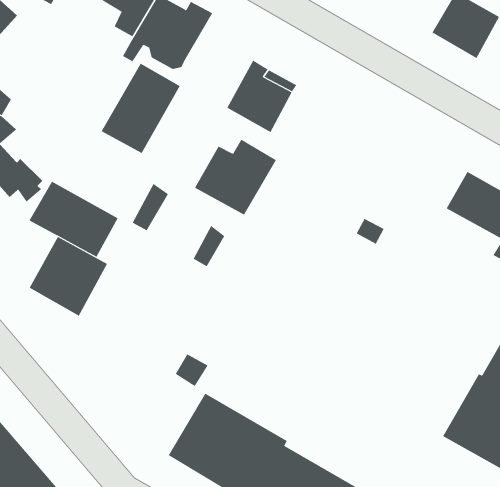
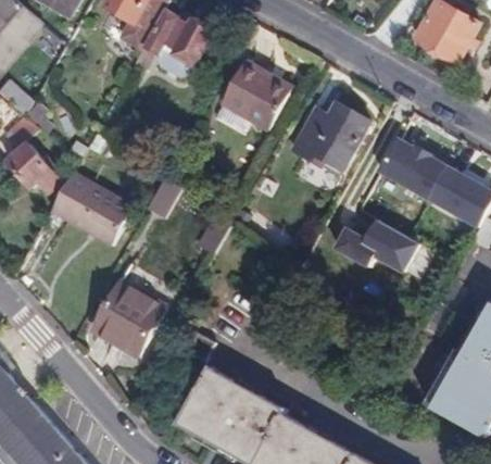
building: [101,63,181,154] -> none
building: [194,139,277,215] -> [292,100,367,170]
building: none -> [377,137,446,199]
building: none -> [335,220,417,272]
building: [29,236,108,316] -> [92,284,164,356]

